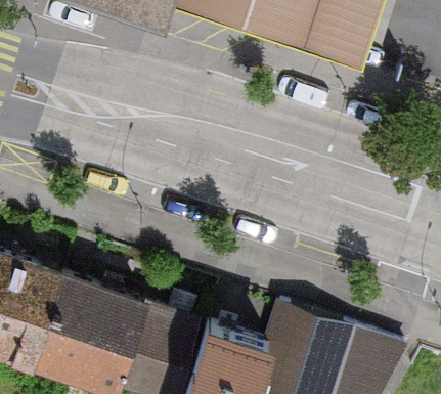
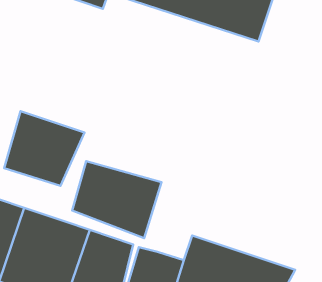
building: none -> [4,111,84,186]
building: none -> [72,161,162,238]

